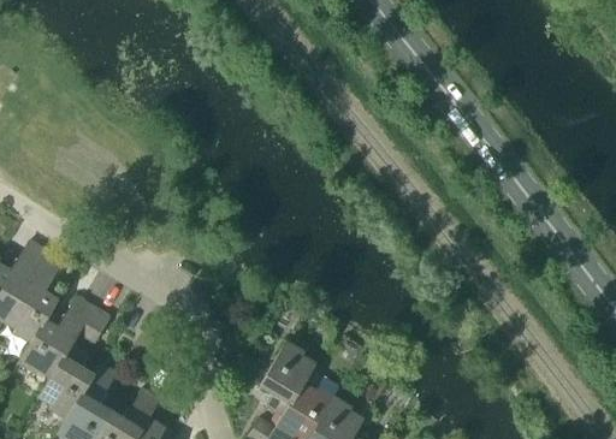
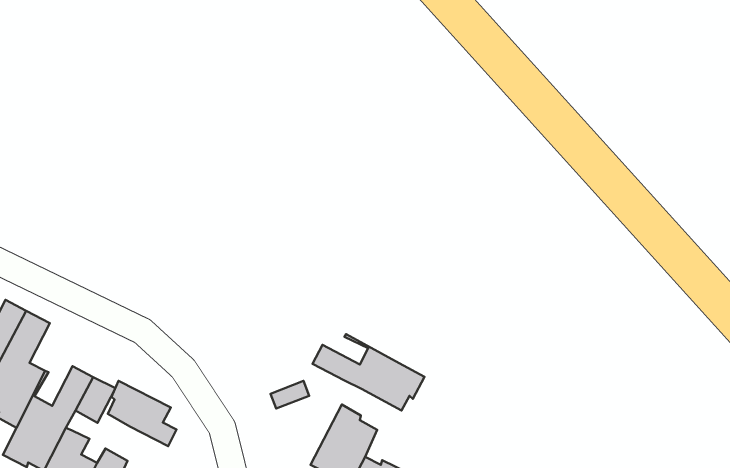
building: none -> [313,334,425,410]
building: none -> [108,381,177,446]

